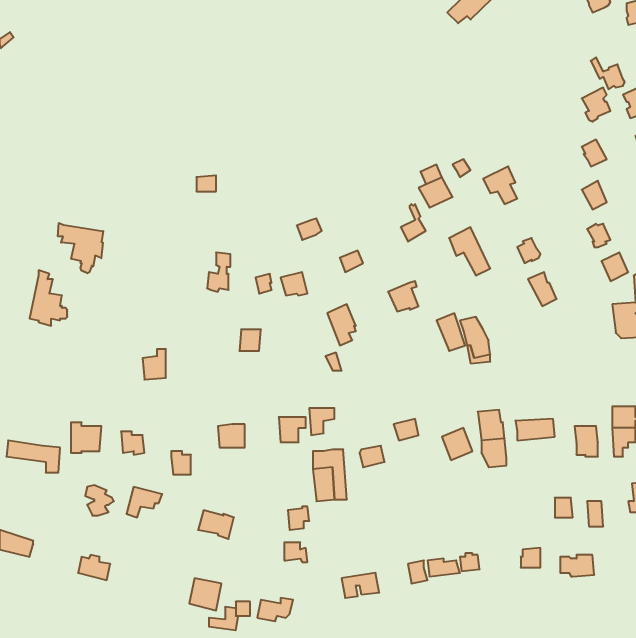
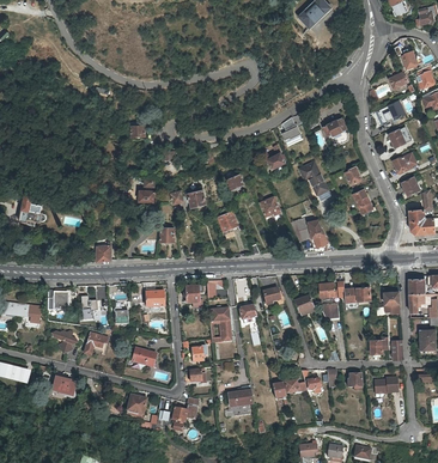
building: [58,223,103,273] -> none

